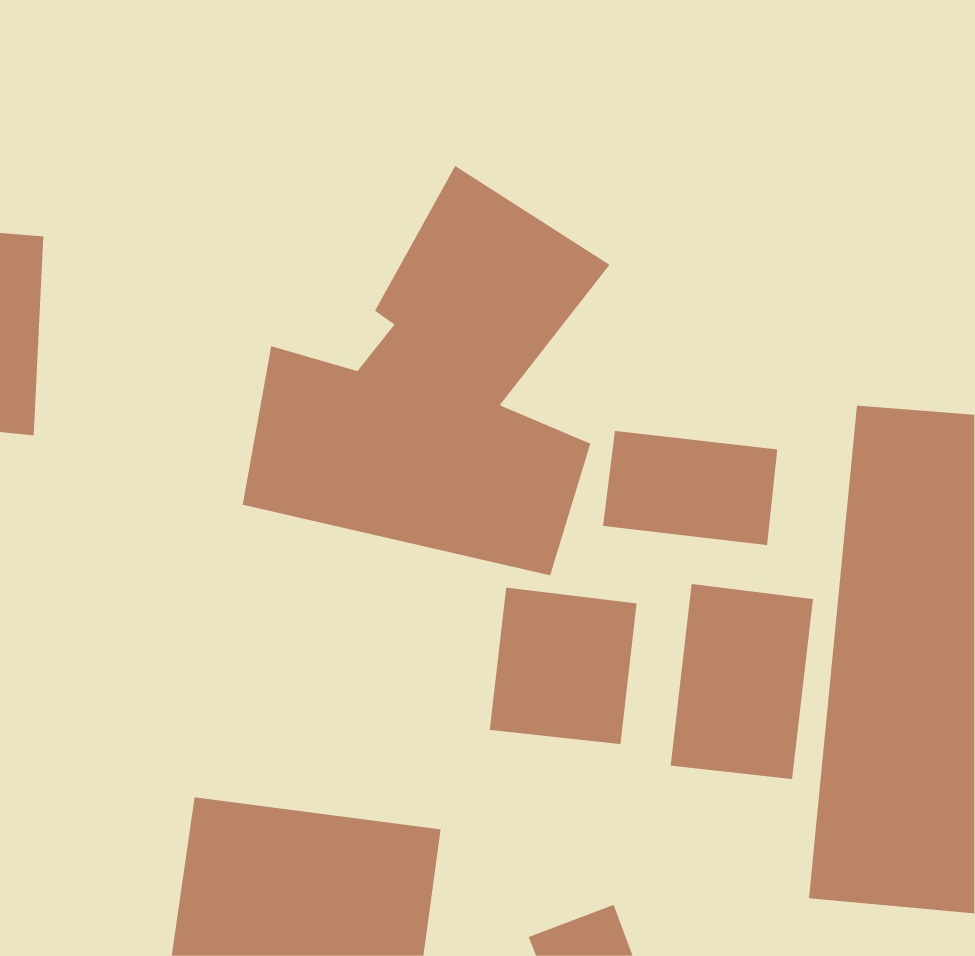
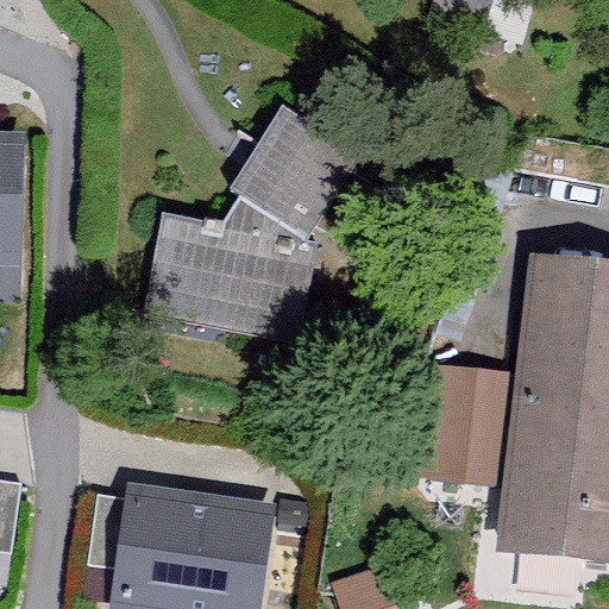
building: [603,430,778,546] -> none
building: [489,587,637,745] -> none

